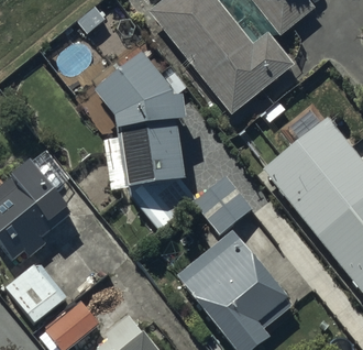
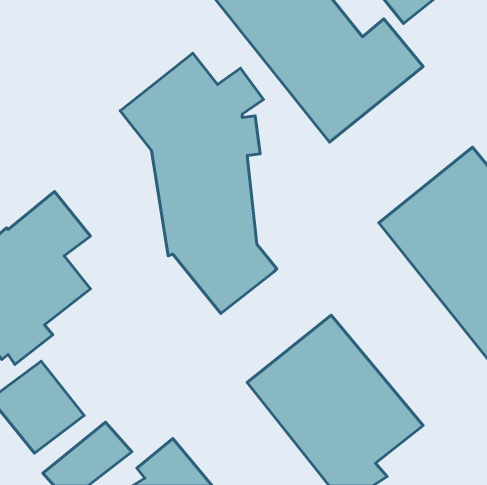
building: [193,174,251,233] -> none

